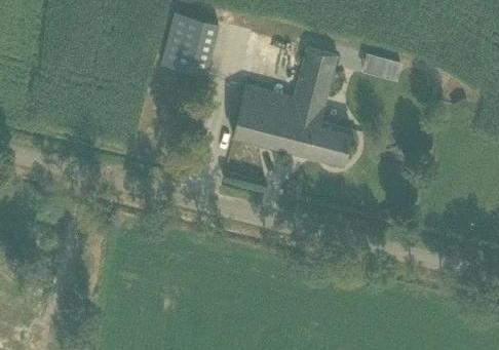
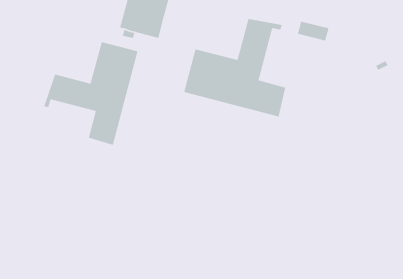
building: none -> [43,41,139,146]

